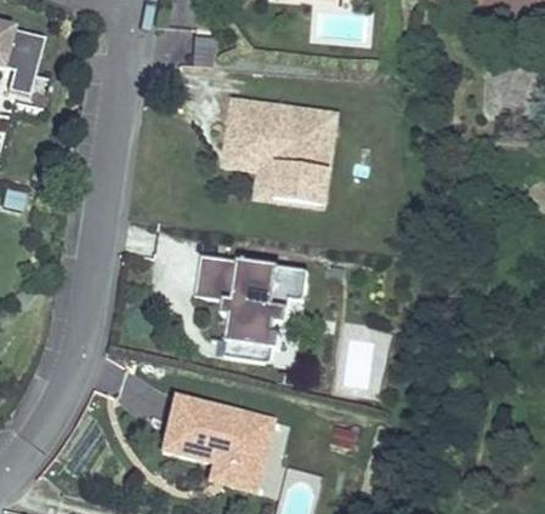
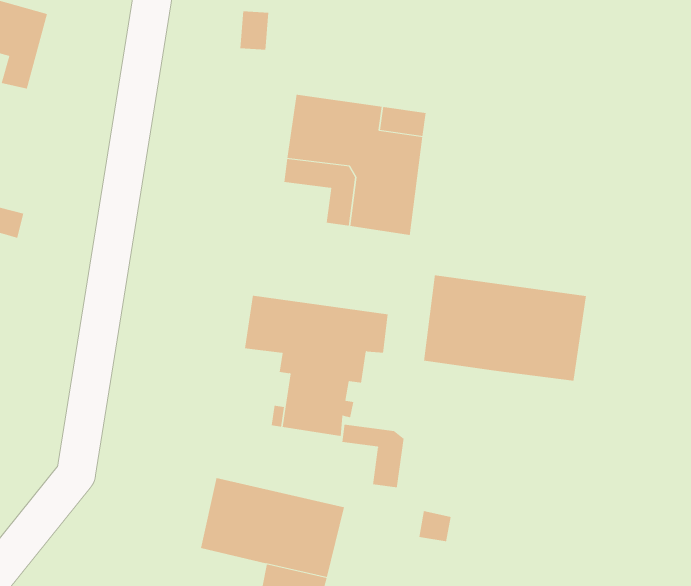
building: none -> [424,274,587,382]
building: none -> [342,424,404,488]

